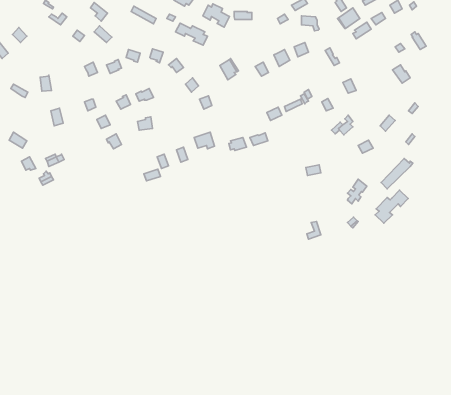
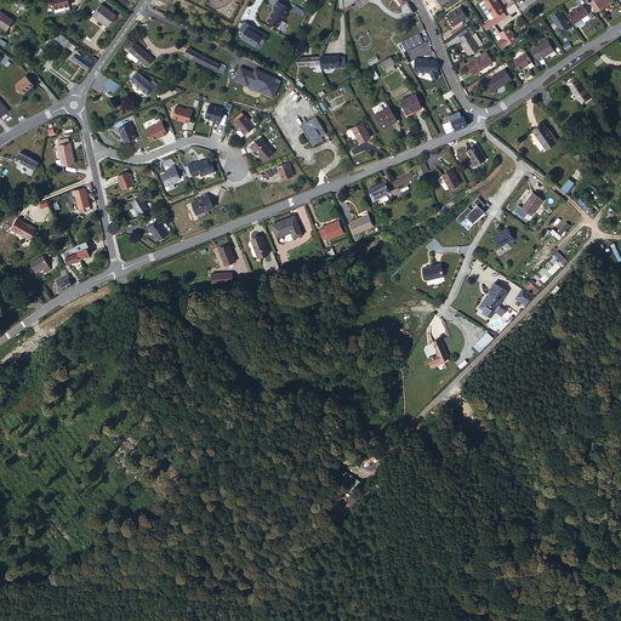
building: [203,4,230,27] -> none
building: [375,190,408,223] -> none

